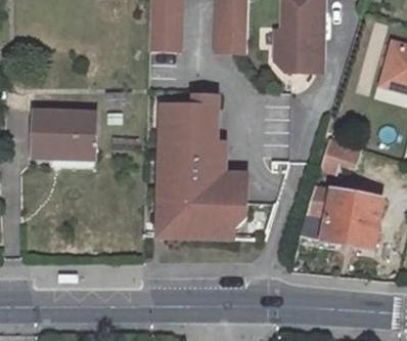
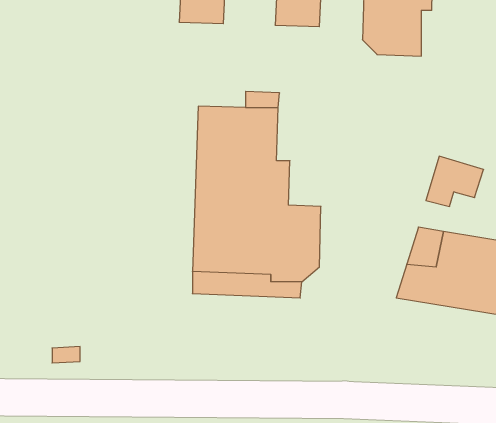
building: [33,114,95,169] -> none

